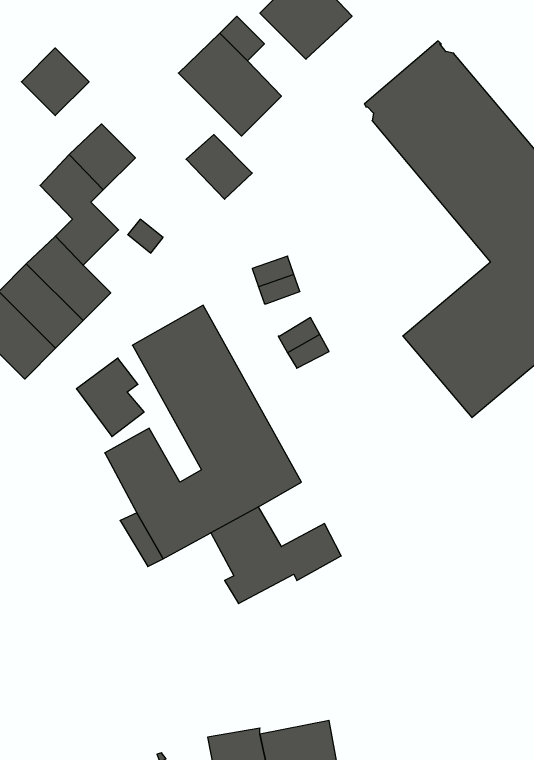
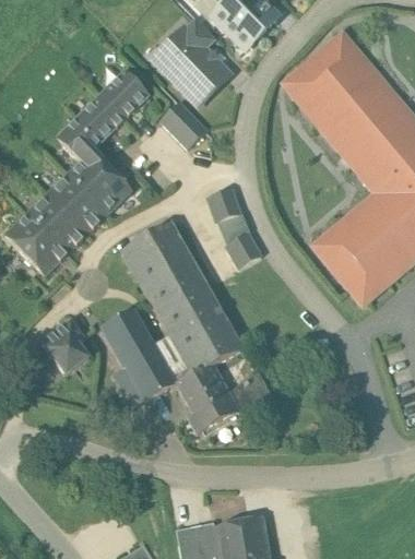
building: [21,48,89,116] -> [100,70,149,118]
building: none -> [87,169,132,214]
building: none -> [217,213,250,245]
building: [76,358,144,437] -> [42,321,90,377]

